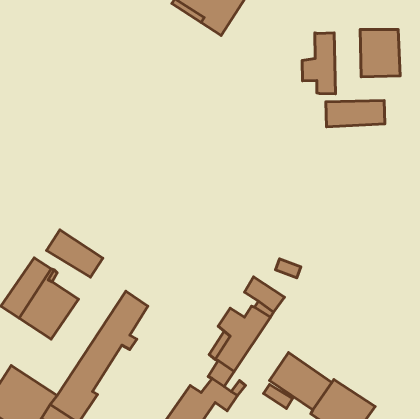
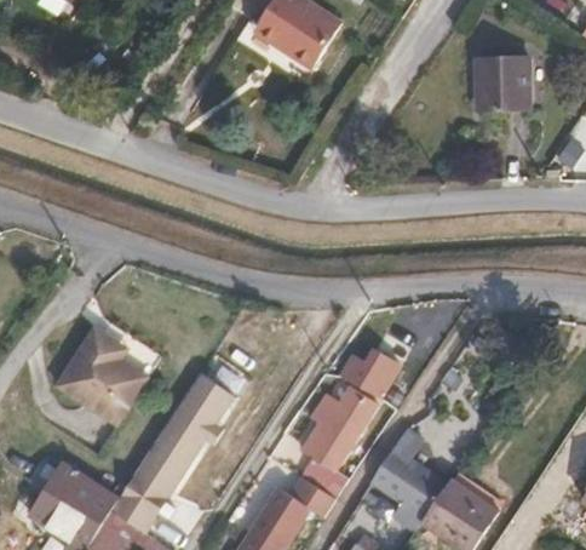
building: [302,33,336,94] -> none
building: [326,100,385,127] -> none
building: [47,230,103,277] -> none

